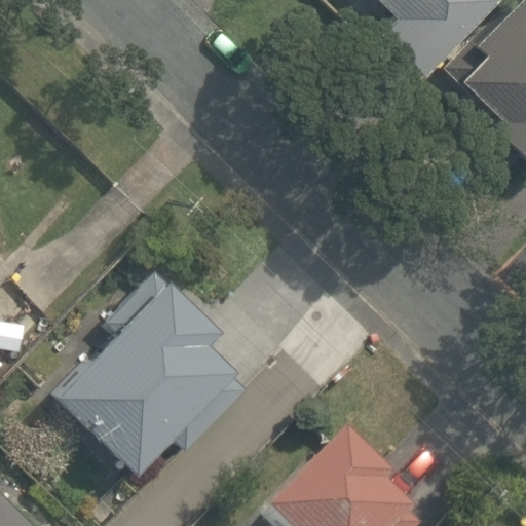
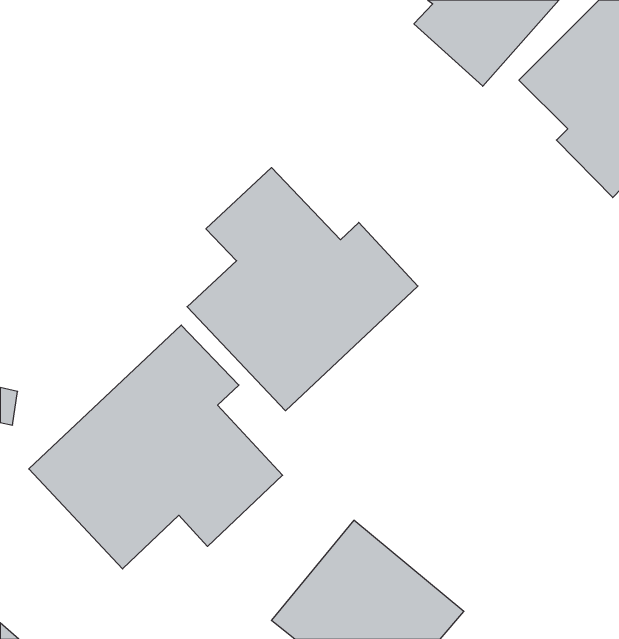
building: none -> [187,168,418,411]

